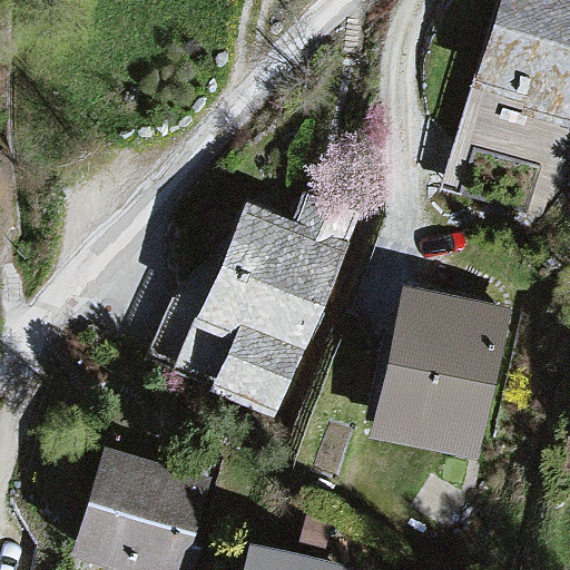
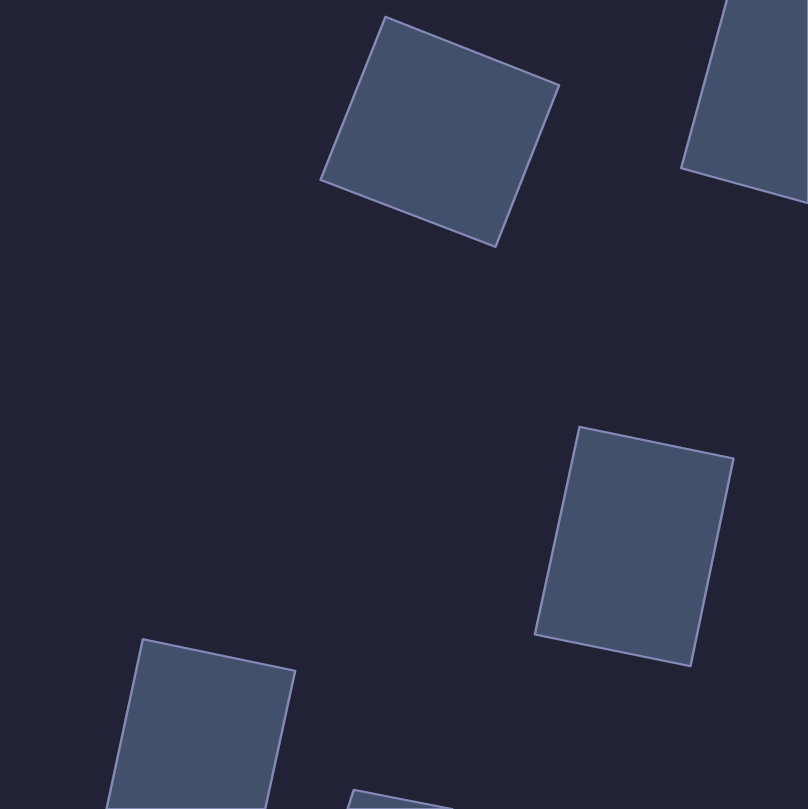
building: none -> [321,17,559,247]
building: [167,197,338,403] -> none

